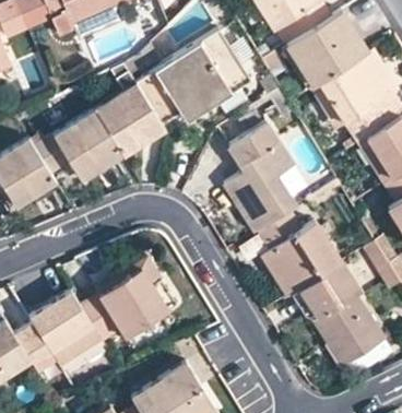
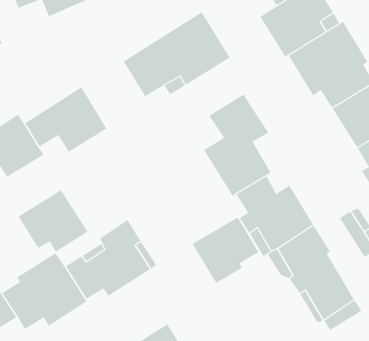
building: [94,86,164,158] -> none
building: none -> [18,189,88,253]
building: none -> [192,216,259,284]

